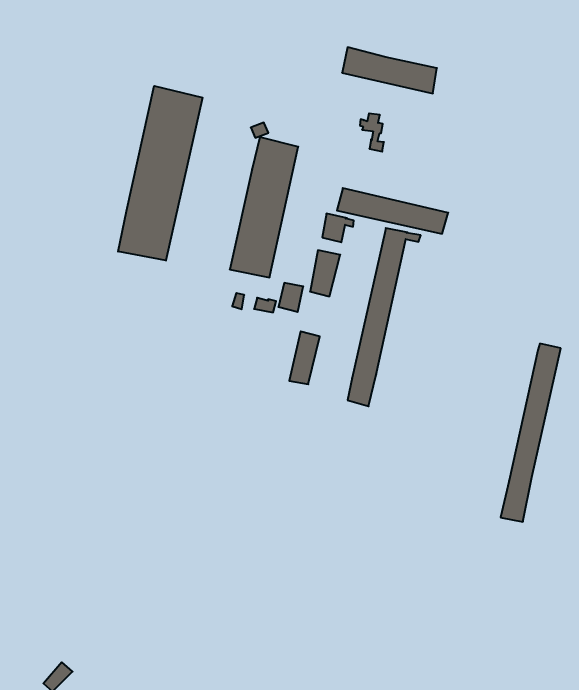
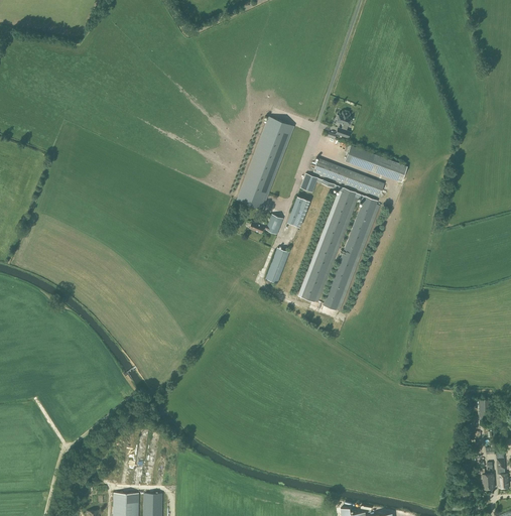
building: [342,47,437,93] -> [345,144,407,182]
building: [118,86,203,261] -> none
building: [501,344,561,522] -> [323,196,378,310]

